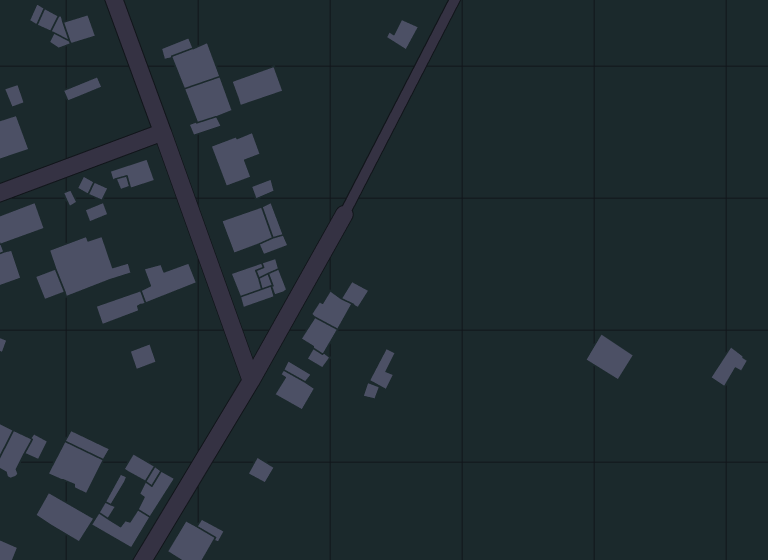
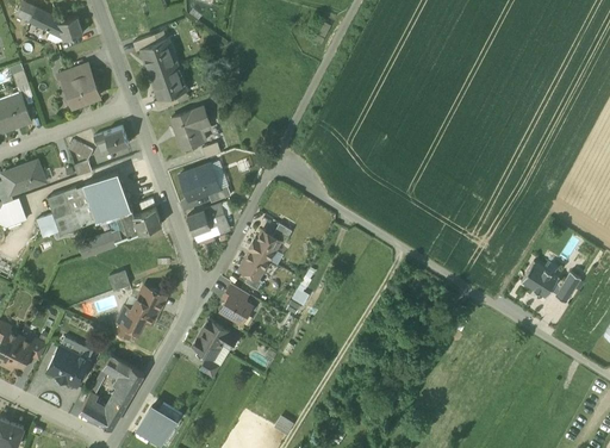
building: [232,66,283,106] -> none
building: none -> [67,74,100,106]
building: none -> [86,178,132,217]
building: [586,334,634,380] -> [521,262,558,298]
building: none -> [116,290,164,338]
building: none -> [192,321,236,359]
building: [35,492,94,542] -> none

